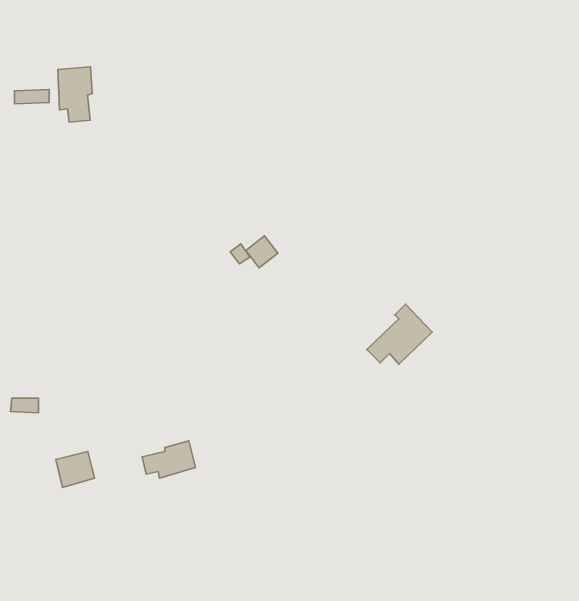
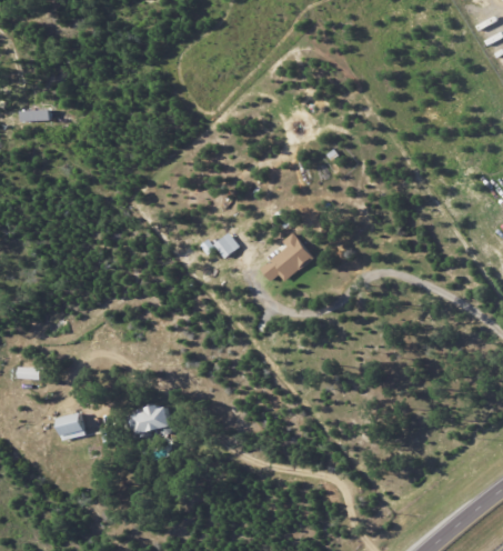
building: [58,67,92,122] -> none
building: [367,304,432,364] -> [260,232,314,282]

